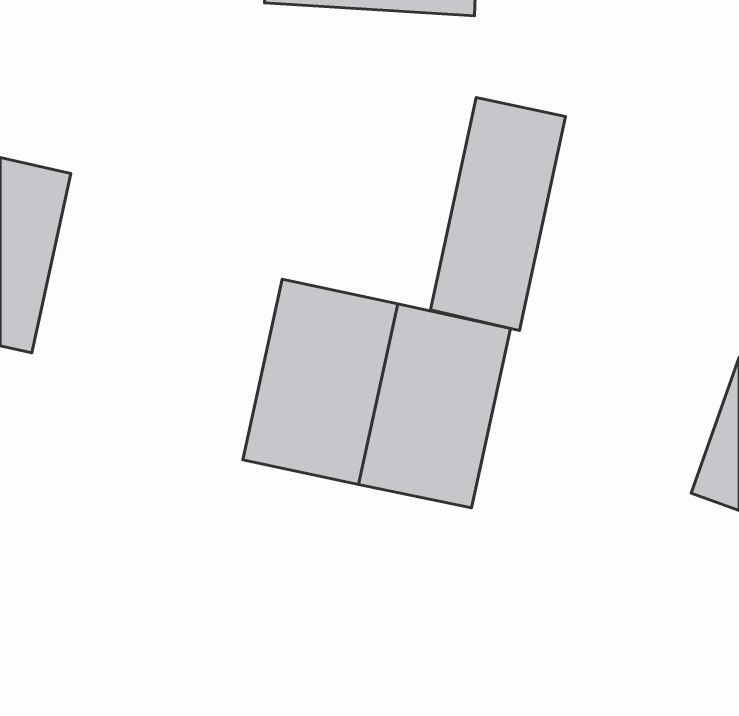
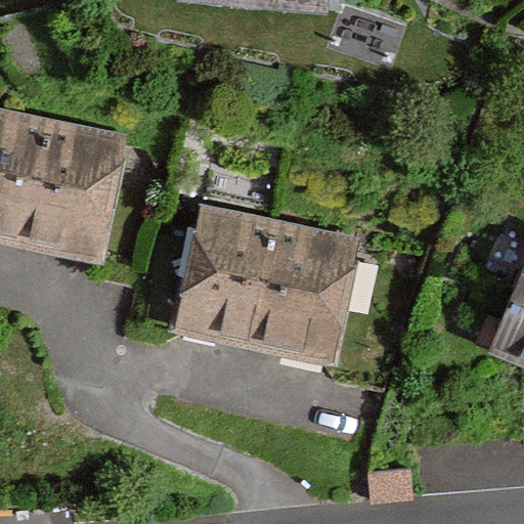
building: [430,98,566,330] -> none
building: none -> [23,123,129,267]

